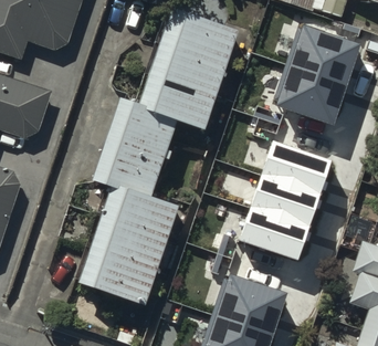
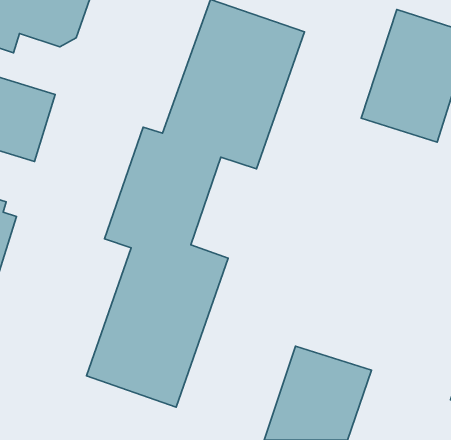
building: [241,136,333,254] -> none

